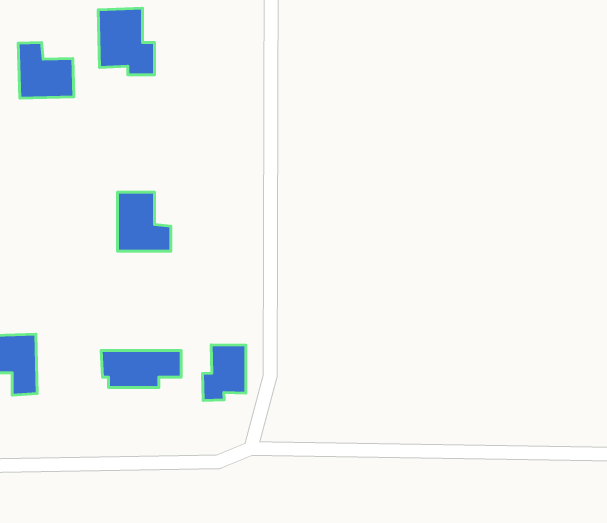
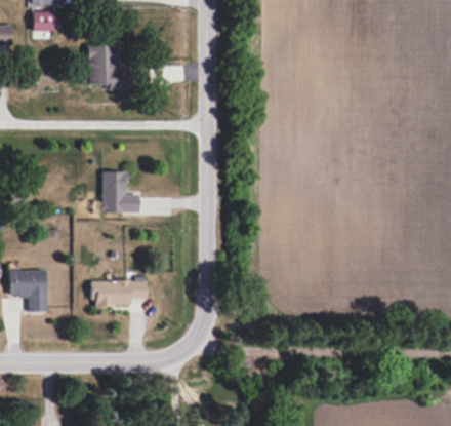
building: [18,43,74,98] -> none
building: [203,345,246,401] -> none

